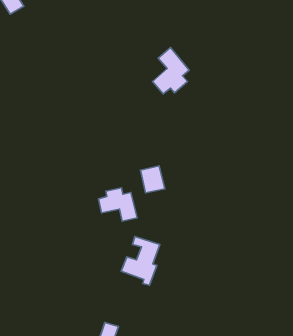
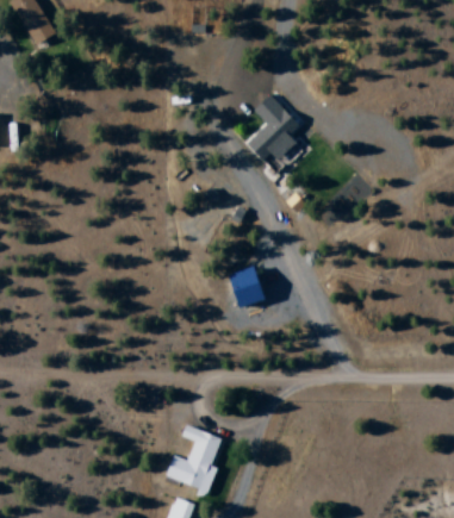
building: [99,188,137,221] -> none
building: [121,236,160,285] -> [164,425,222,497]

